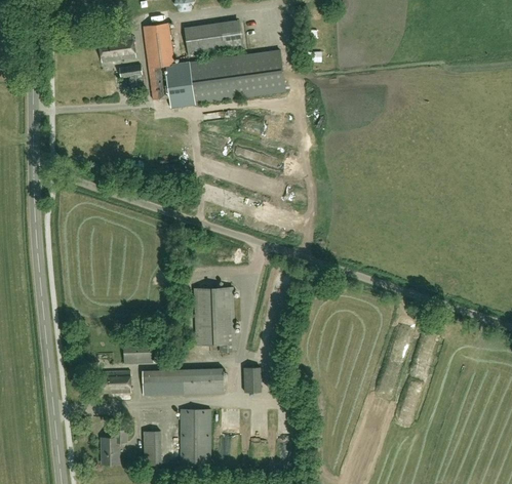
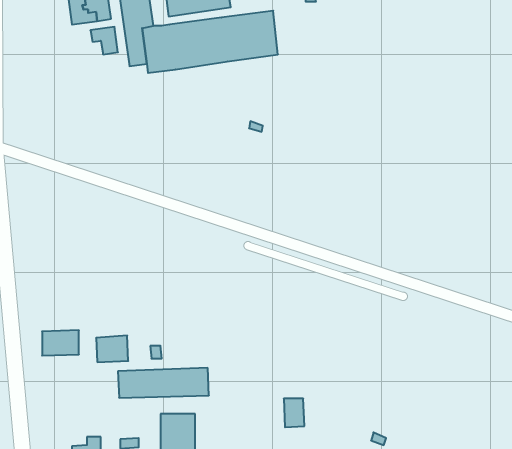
building: [194,286,234,351] -> none
building: [243,367,262,393] -> [284,399,304,427]
building: [99,371,131,394] -> [42,330,79,356]

